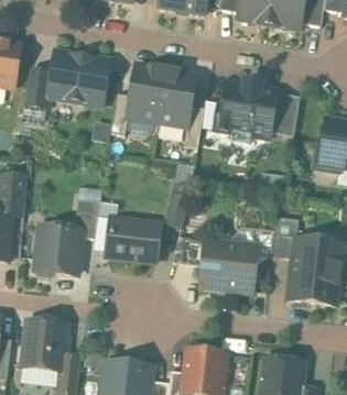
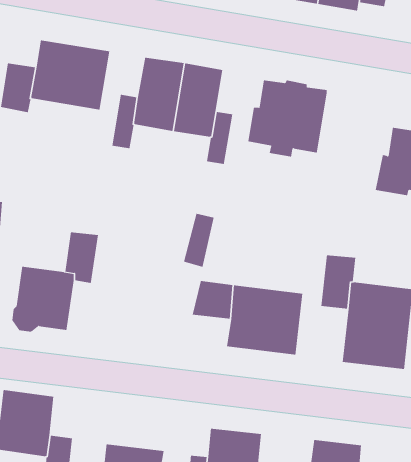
building: [270,91,300,134] -> none
building: [107,218,159,261] -> none

